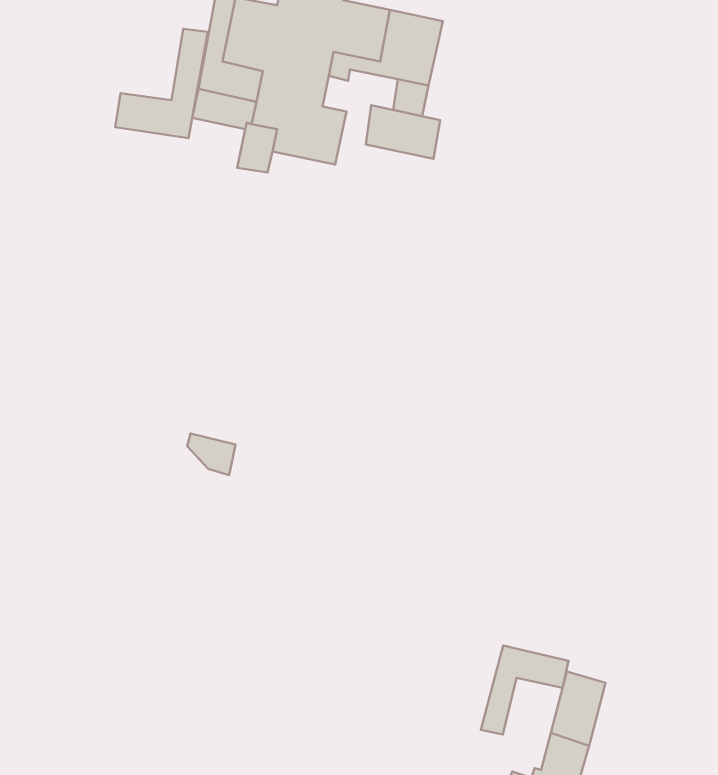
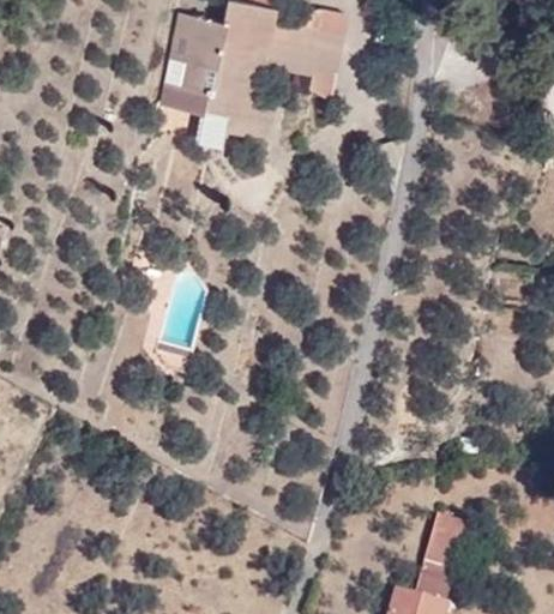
building: [115,29,208,138] -> none
building: [366,105,440,159] -> none
building: [481,646,569,735] -> none

